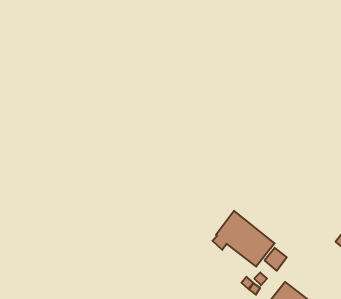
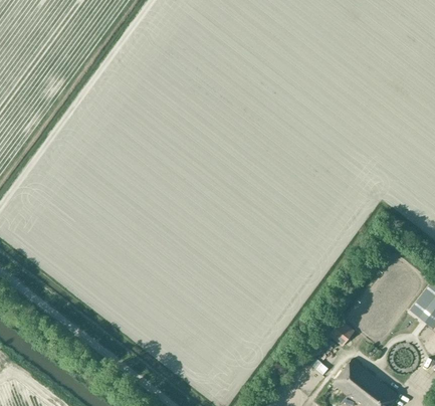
building: [212,211,275,267] -> none

